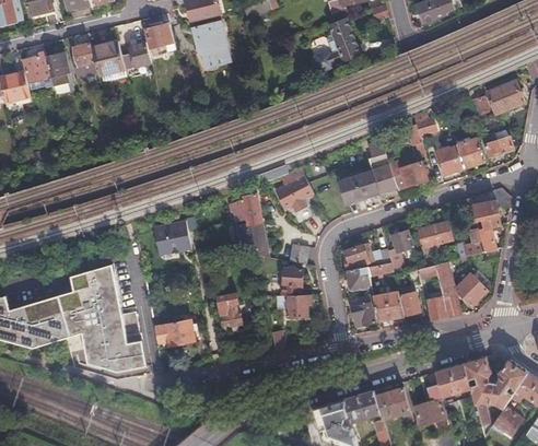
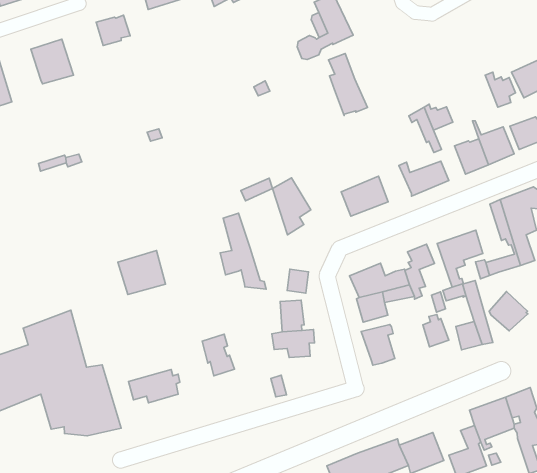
building: [191,21,229,64] -> none
building: [124,42,151,68] -> none
building: [71,43,97,78] -> none
building: [369,142,398,193] -> [329,54,367,116]
building: [374,290,407,324] -> none

